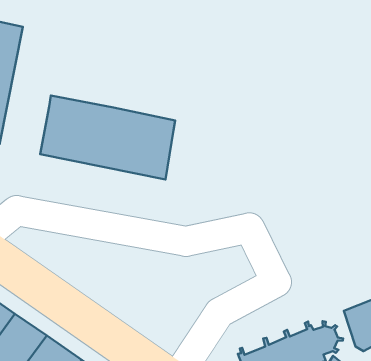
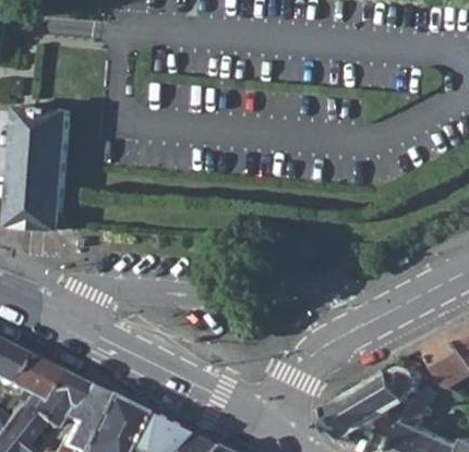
building: [40,96,175,179] -> none

